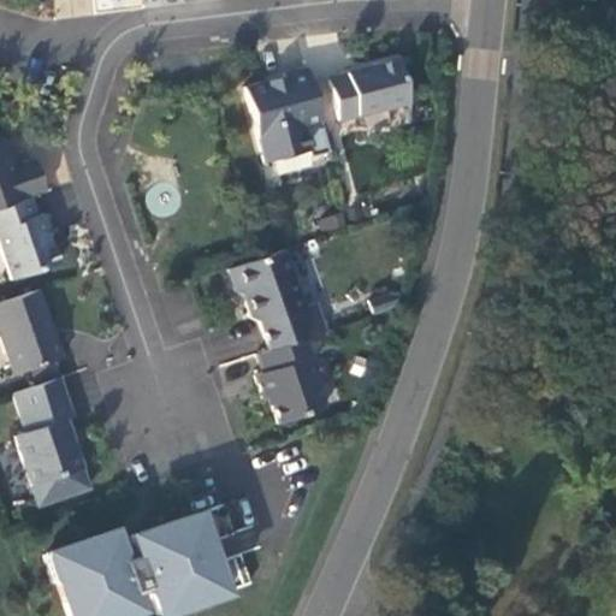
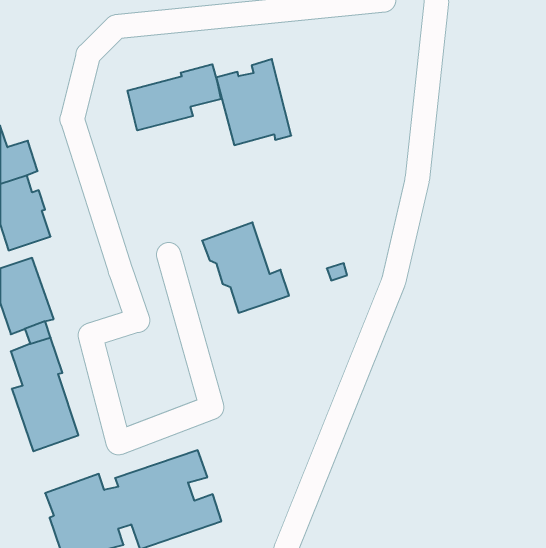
building: [330,60,410,120] -> none
building: none -> [128,64,221,130]
building: [256,339,327,425] -> none

